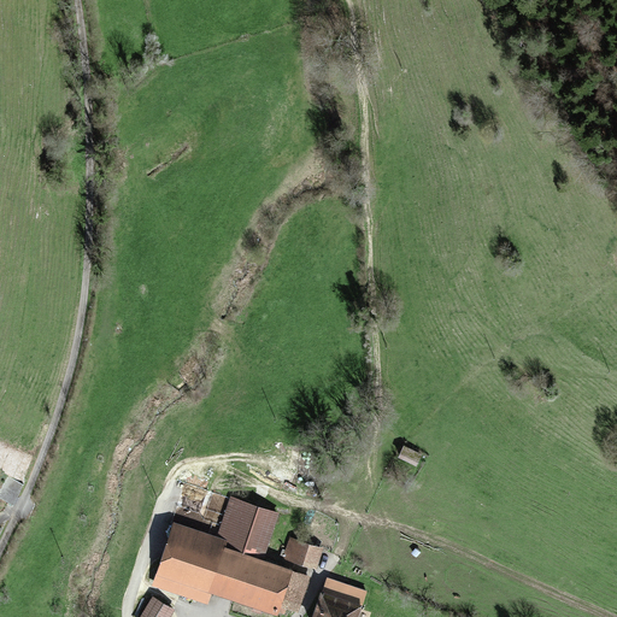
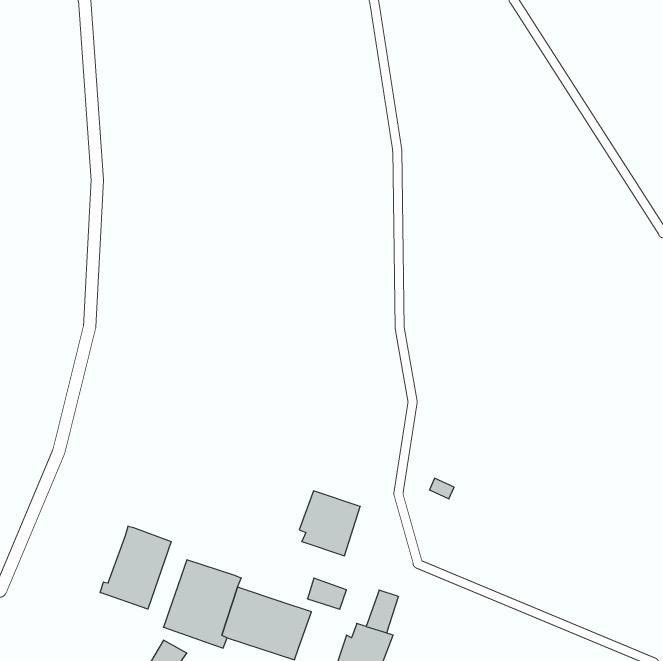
building: none -> [100,526,171,609]
building: [218,500,275,560] -> [299,491,360,556]
building: [277,570,307,610] -> [366,590,399,633]

